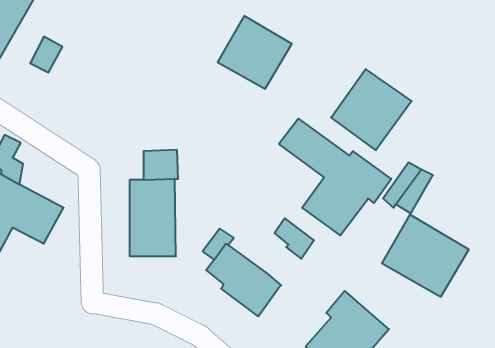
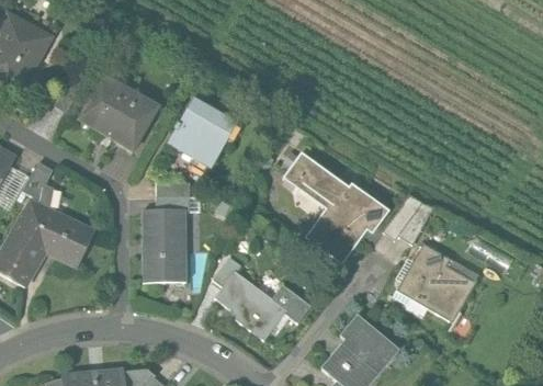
building: [218,16,292,89] -> [170,99,240,168]
building: none -> [81,75,163,151]
building: [331,69,412,150] -> none
building: [275,218,314,259] -> [276,285,314,323]

